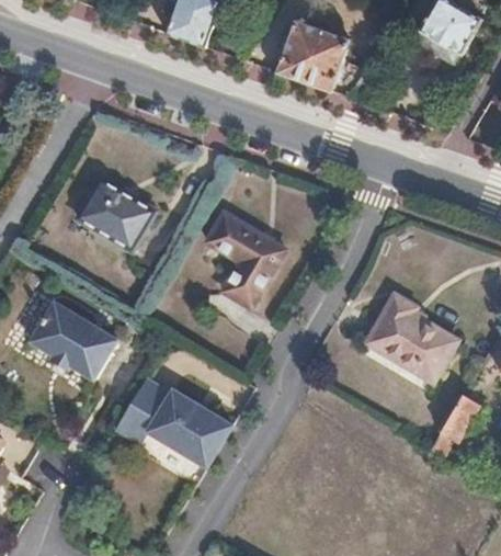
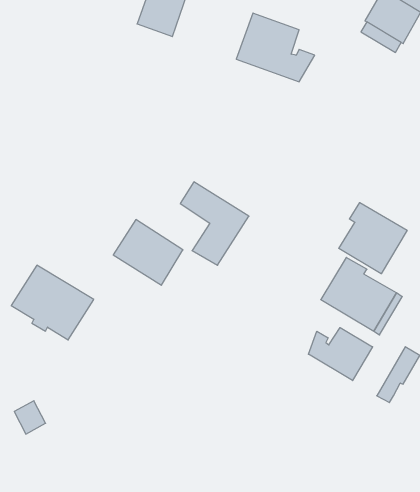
building: [78,178,156,251] -> [113,220,183,285]
building: none -> [339,203,407,274]
building: none -> [308,328,373,381]
building: [112,383,229,470] -> none

